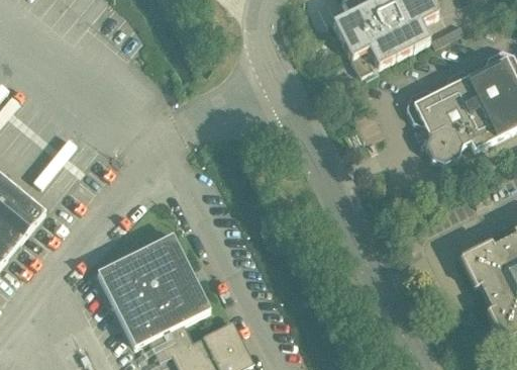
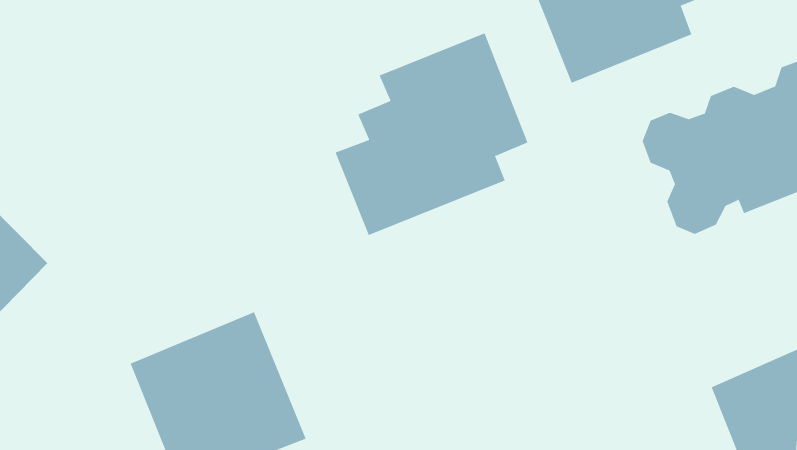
building: none -> [335,33,528,236]

